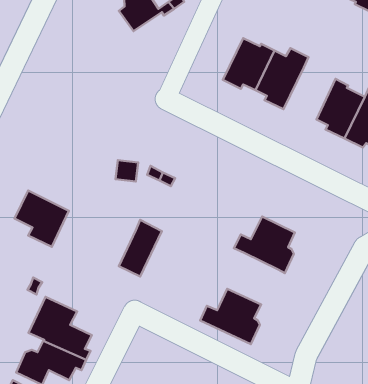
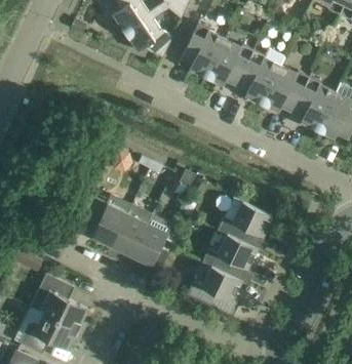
building: none -> [126,15,173,57]
building: none -> [181,23,226,77]
building: none -> [263,66,310,113]
building: [14,190,69,247] -> [79,195,128,246]
building: none -> [132,214,172,266]
building: none -> [202,234,258,284]

